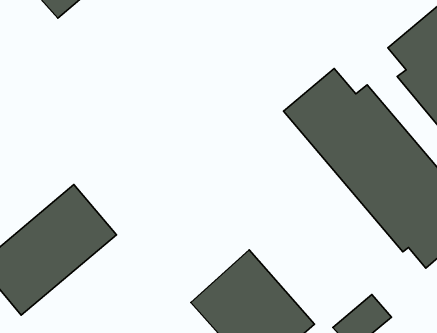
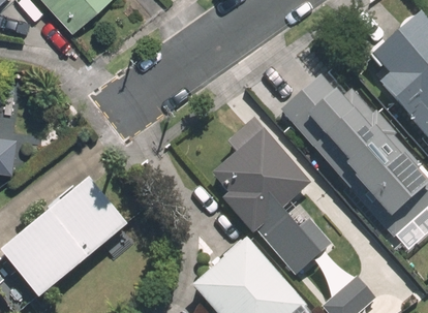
building: none -> [208,127,325,274]

